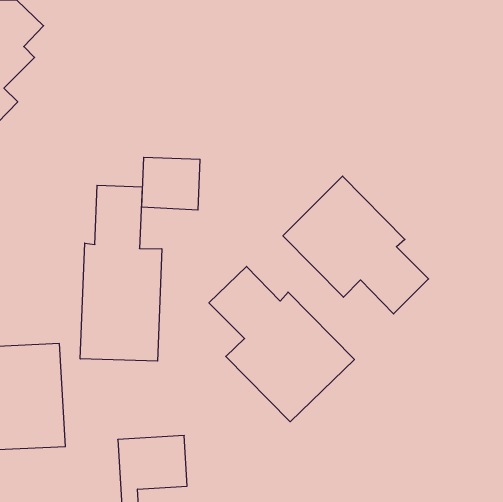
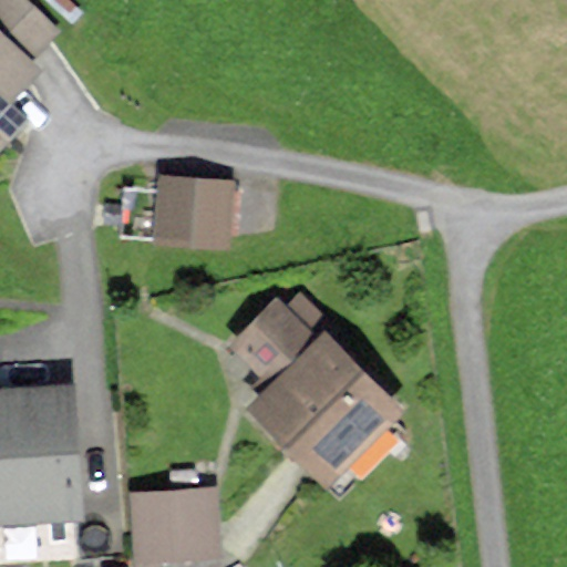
building: [283,176,429,314] -> none
building: [80,185,162,361] -> none

